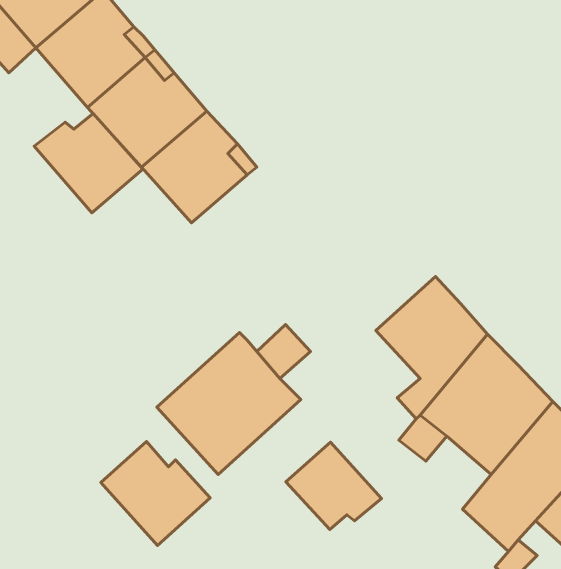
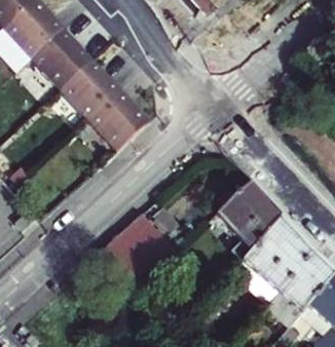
building: [34,114,143,213] -> none
building: [101,441,210,546] -> none
building: [286,442,382,529] -> none

